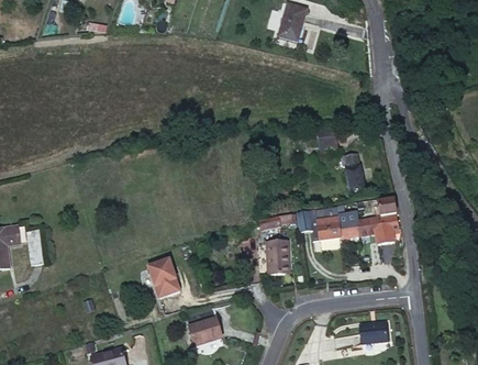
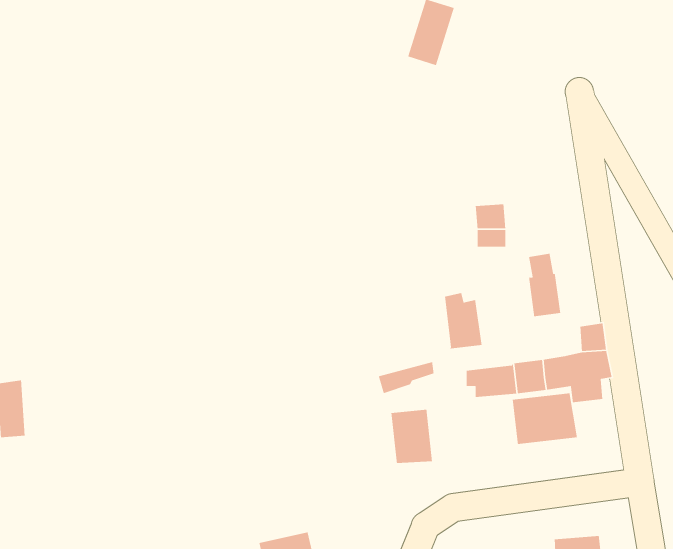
building: none -> [444,292,483,350]
building: none -> [512,392,578,445]
building: [146,265,177,301] -> none

